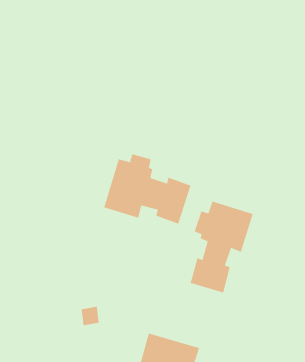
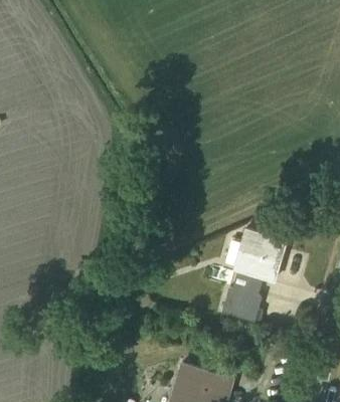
building: [104,154,191,224] -> none

